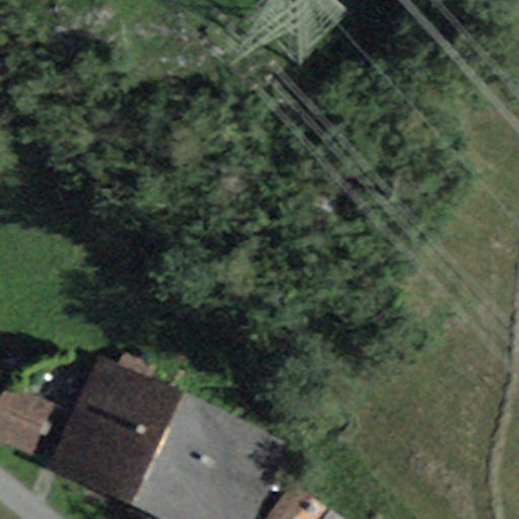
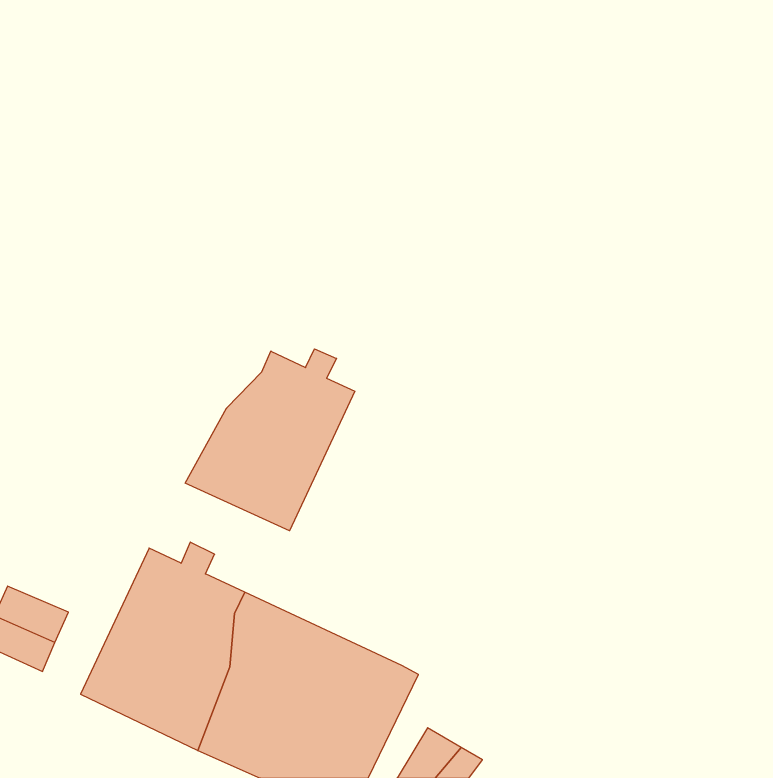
building: none -> [185,349,355,531]

